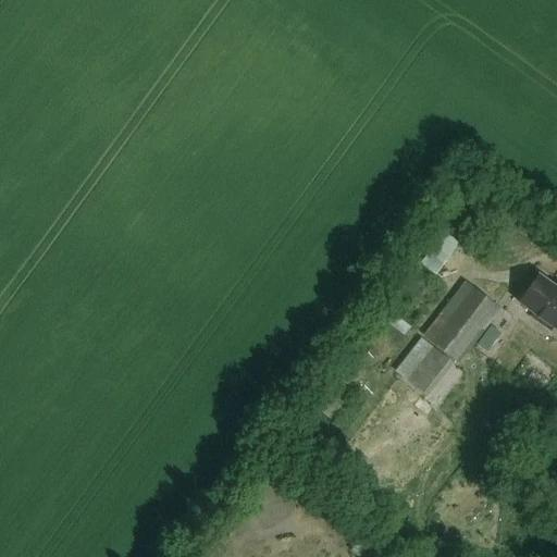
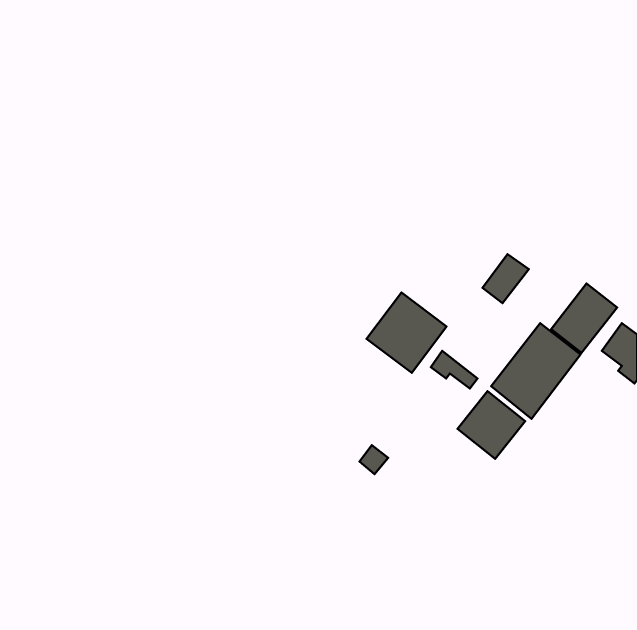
building: none -> [551,284,617,353]
building: none -> [367,292,447,373]

